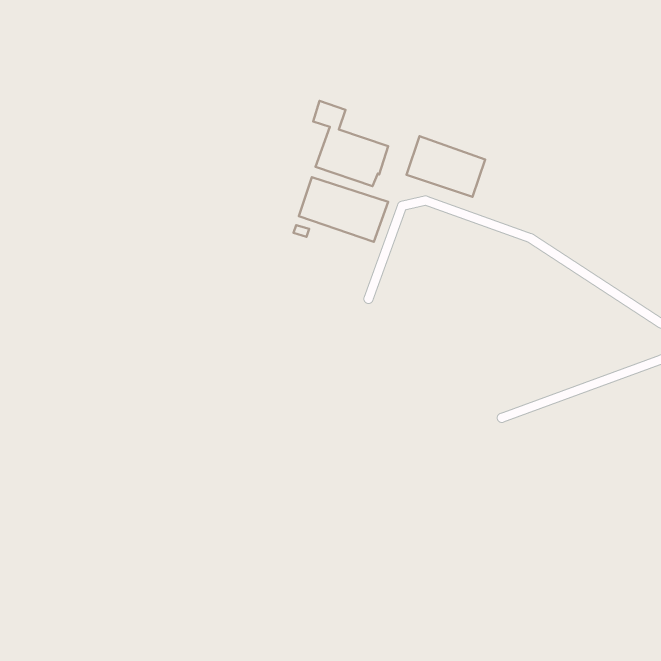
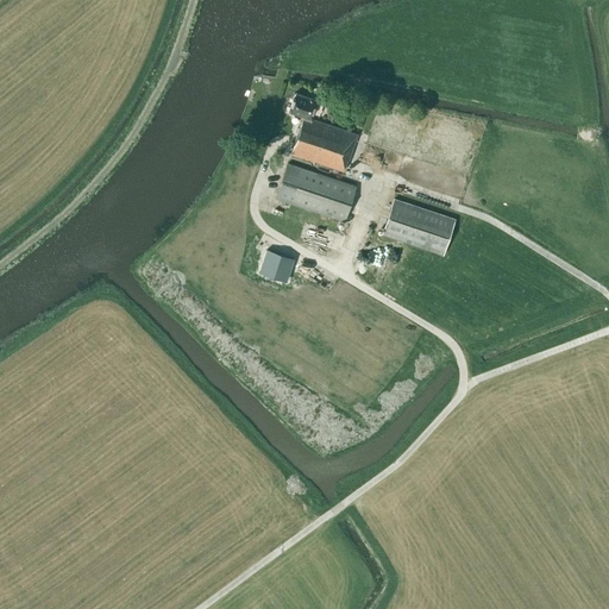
building: [406,136,485,197] -> [383,199,456,255]
building: none -> [263,246,294,281]

